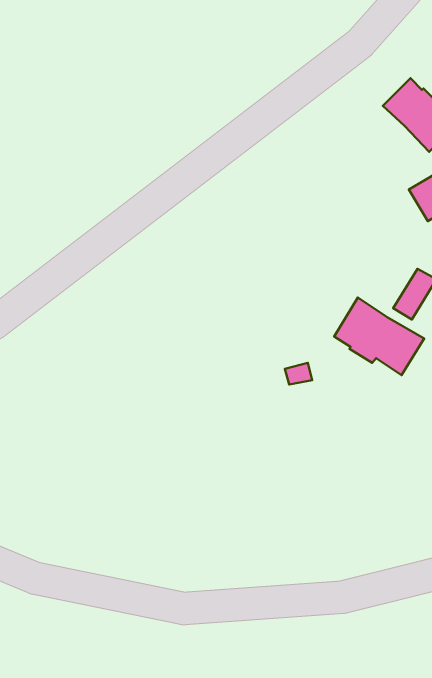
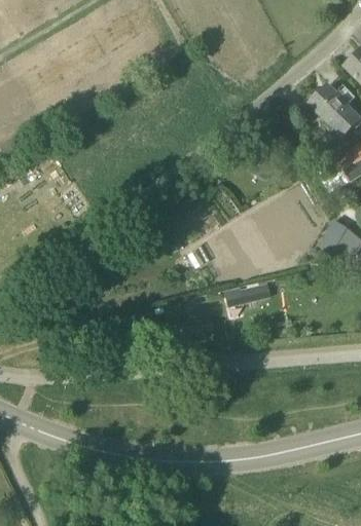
building: [334,298,424,375] -> none

